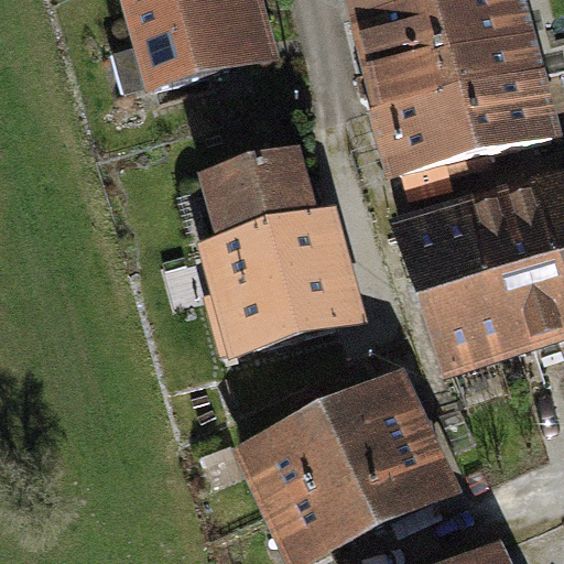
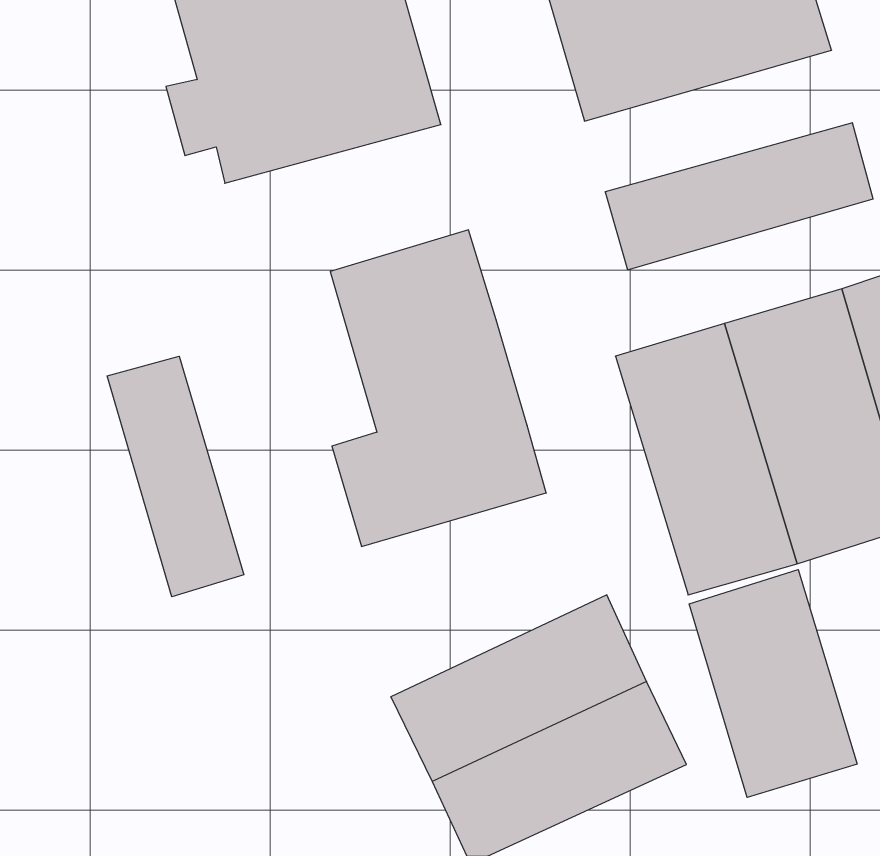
building: [375,32,545,122] -> none
building: none -> [107,356,244,597]
building: none -> [689,570,857,797]

